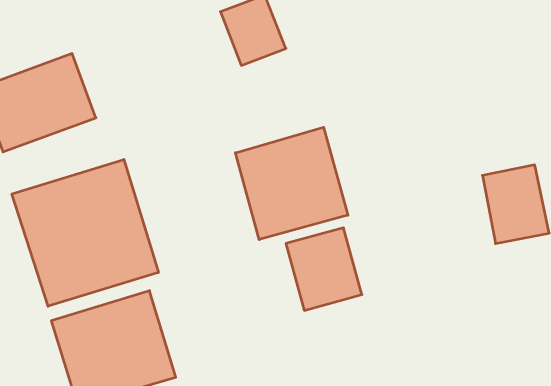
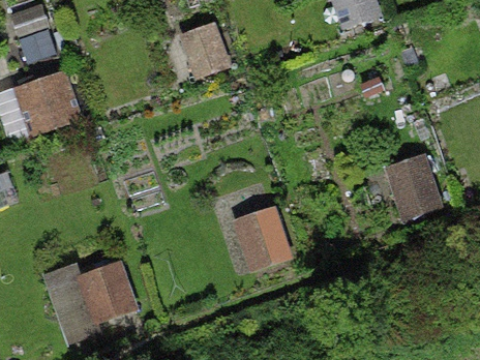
building: [235,127,348,240] -> none
building: [12,159,158,306] -> none

